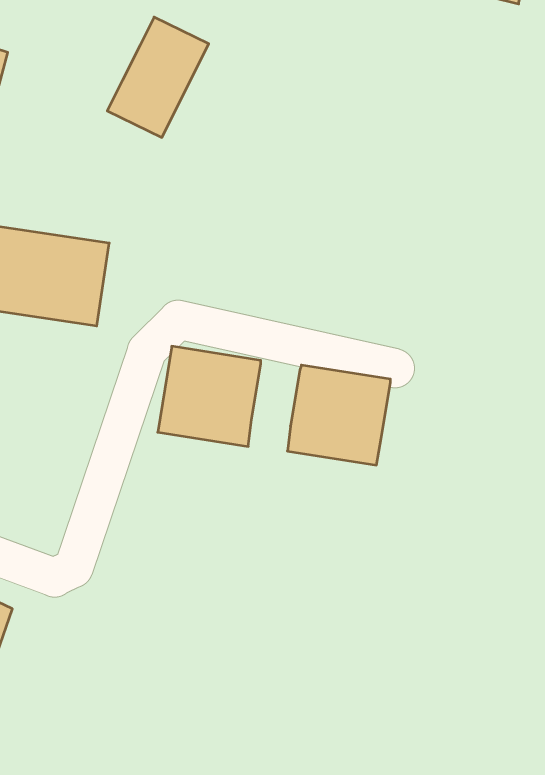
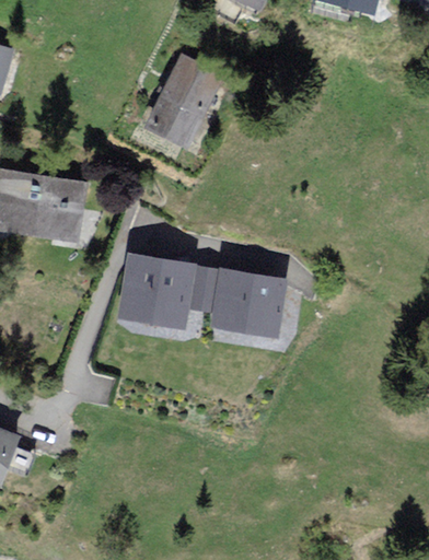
building: [107,17,209,137] -> [148,61,219,145]
building: none -> [186,267,220,311]

